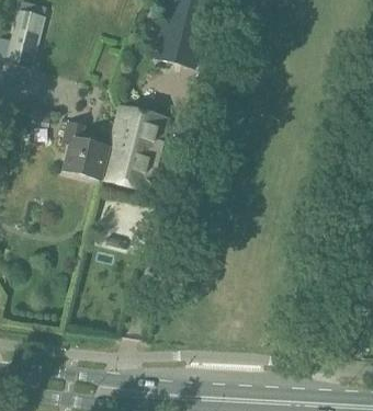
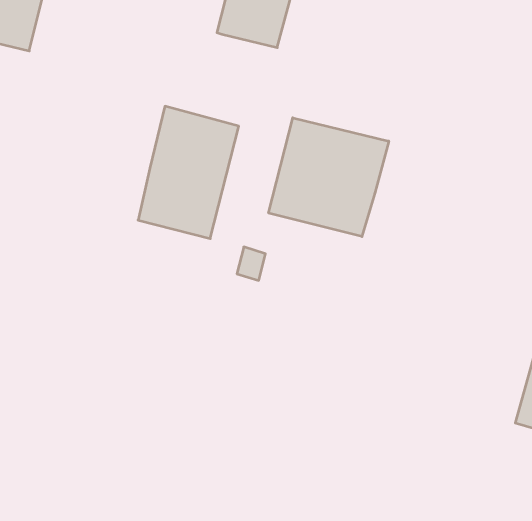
building: none -> [269,118,389,237]
building: [64,121,110,179] -> none

